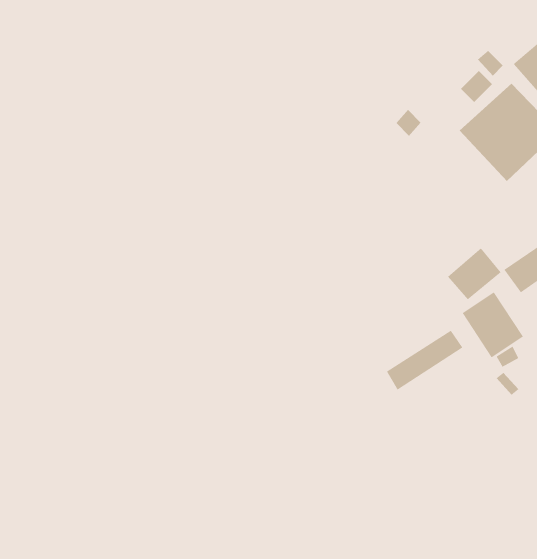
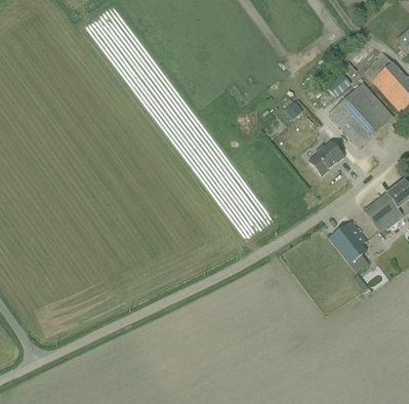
building: [447,248,501,300] -> [304,139,340,174]
building: [386,330,463,391] -> none

